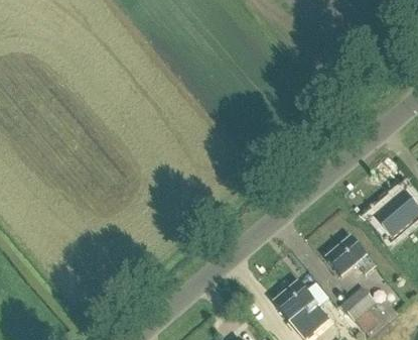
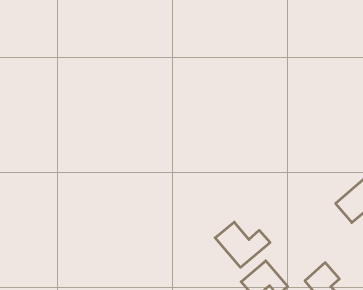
building: [326,238,377,277] -> none
building: none -> [215,222,270,267]

